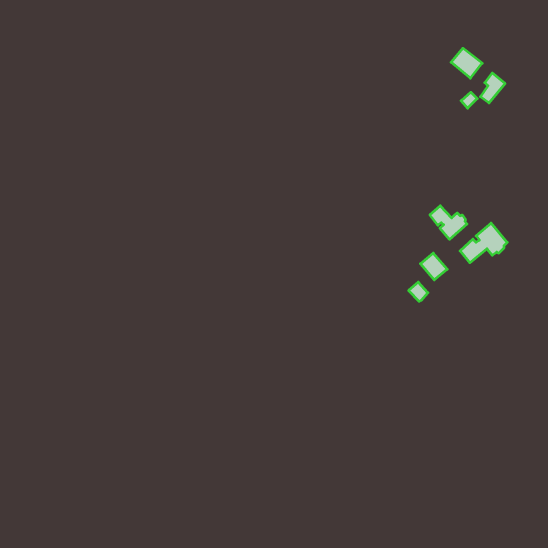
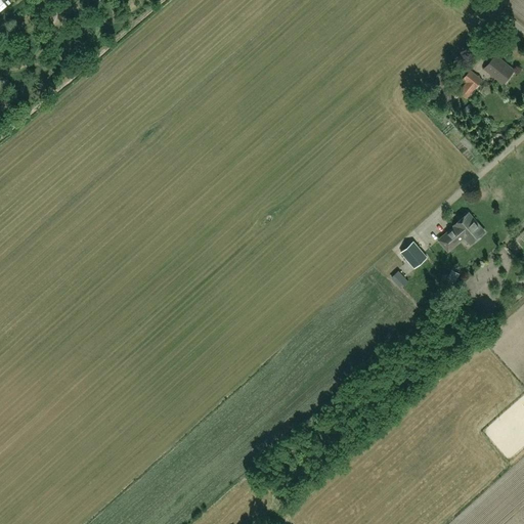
building: [451,48,482,78] -> [484,55,514,84]
building: [430,206,467,239] -> none

